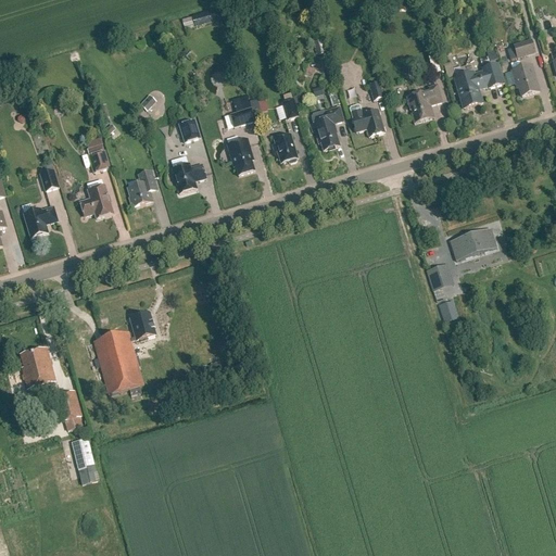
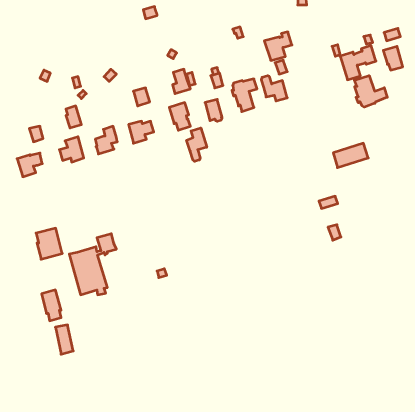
building: [405,83,442,121] -> [264,32,292,60]
building: none -> [354,76,387,107]
building: none -> [187,128,207,161]
building: [450,226,496,258] -> [333,143,368,168]
building: [20,345,54,387] -> [36,228,62,259]

